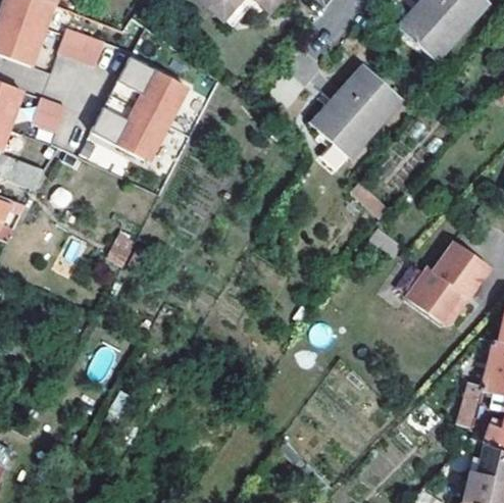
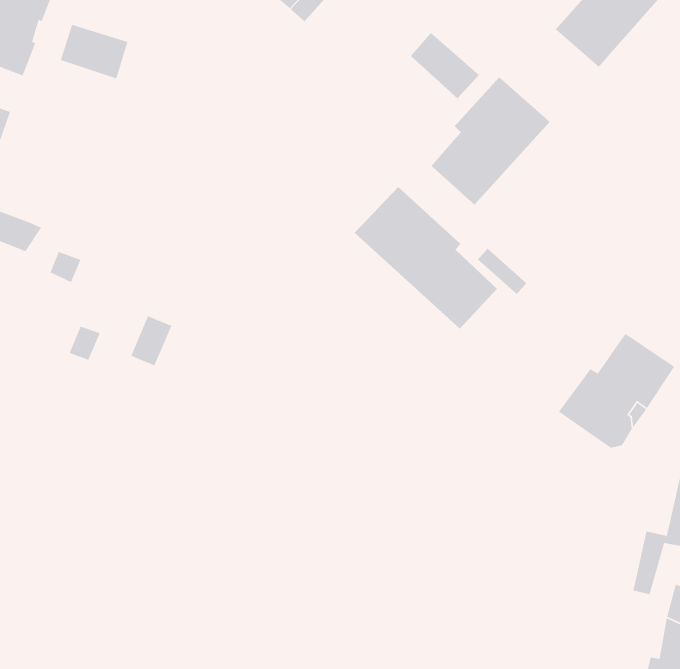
building: none -> [410,32,480,99]
building: [89,59,185,164] -> none
building: [34,98,66,133] -> none
building: none -> [354,186,498,329]

